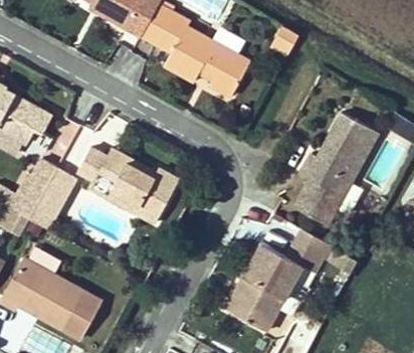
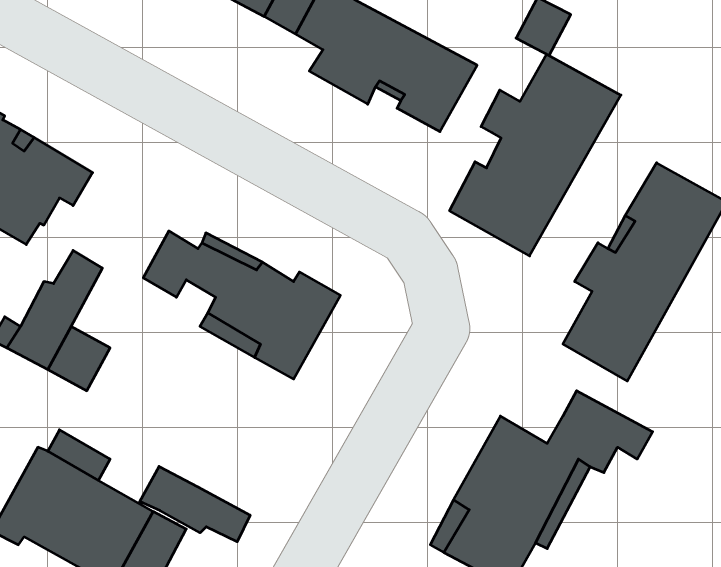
building: none -> [450,54,621,256]
building: [41,166,77,207] -> none
building: none -> [140,466,250,542]

